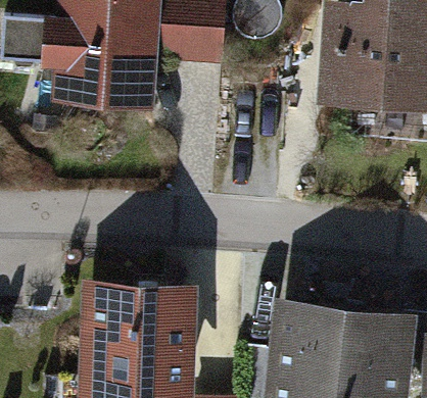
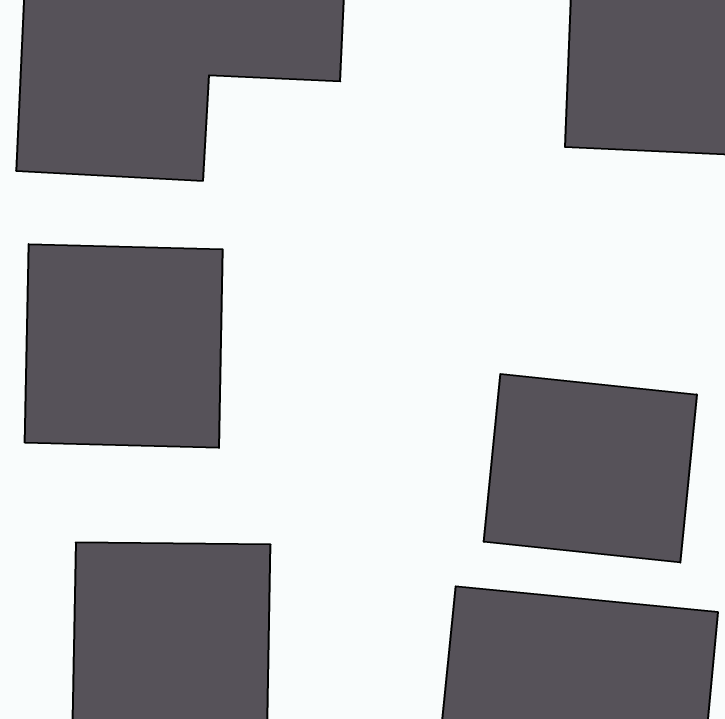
building: none -> [25,244,223,448]
building: none -> [484,374,697,563]

